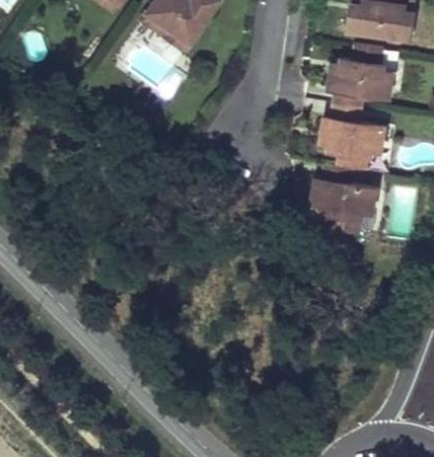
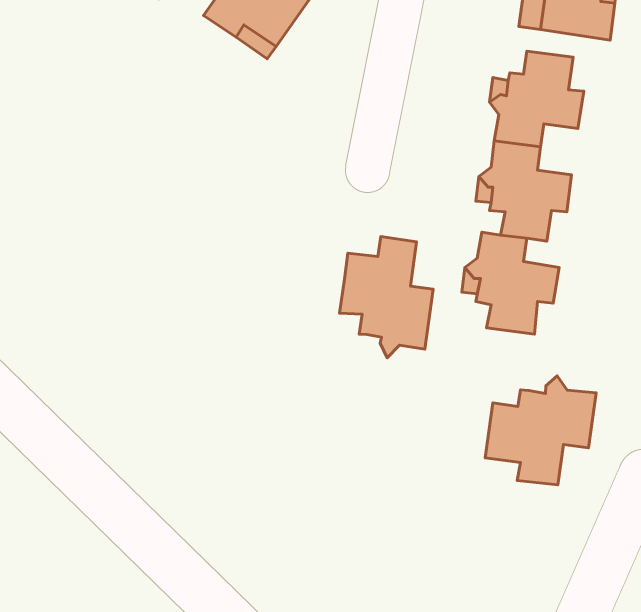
building: none -> [340,237,433,358]
building: none -> [485,376,596,485]

